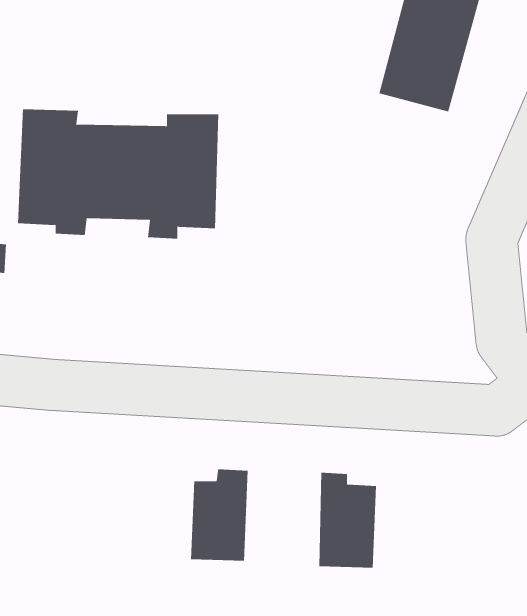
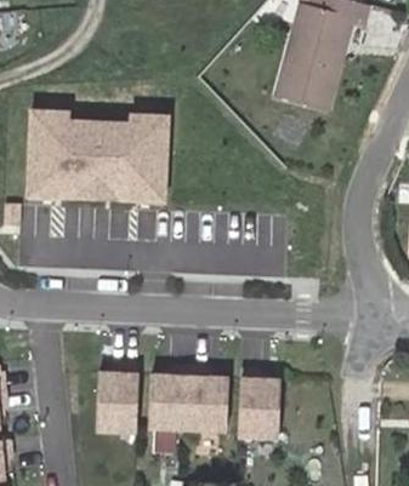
building: none -> [95,365,136,431]
building: none -> [186,366,226,431]

